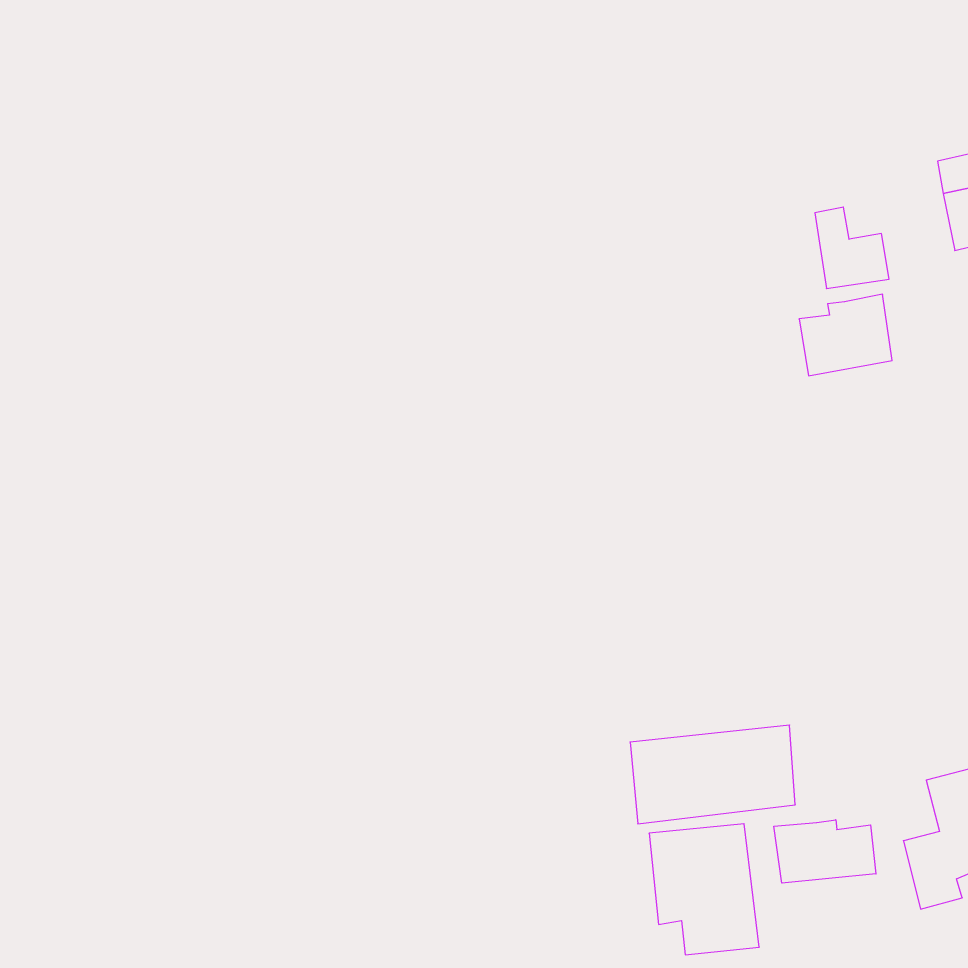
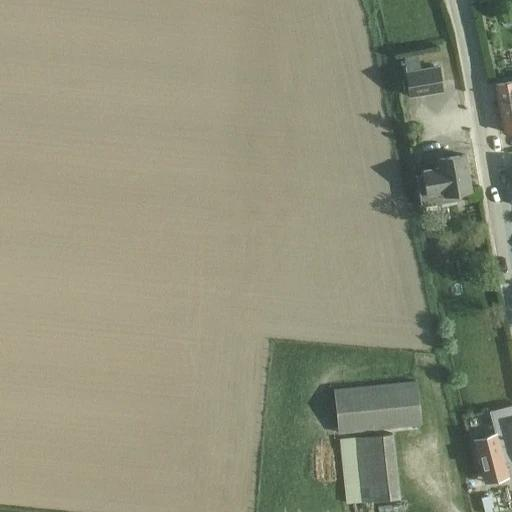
building: [815,207,889,289] -> [404,54,443,97]
building: [774,820,876,883] -> none

